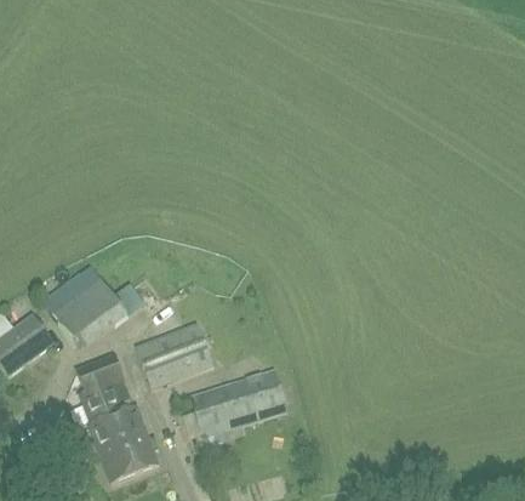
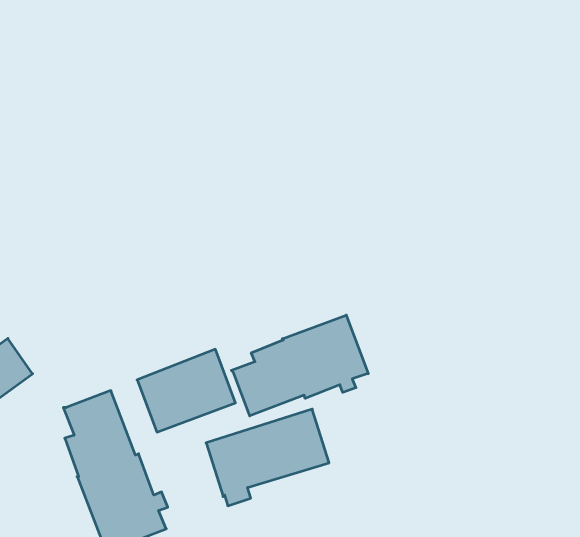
building: [41,264,145,342] -> none
building: none -> [231,315,368,416]

